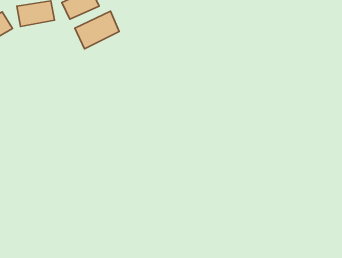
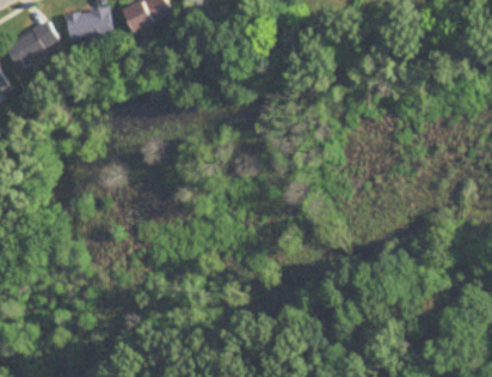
building: [75,11,119,49] -> none

